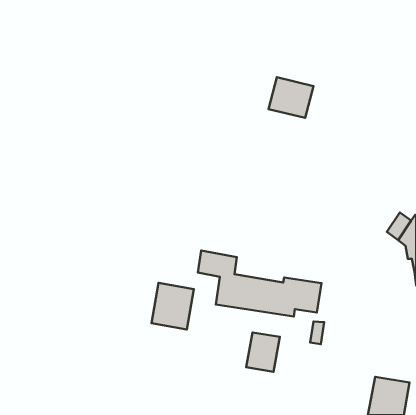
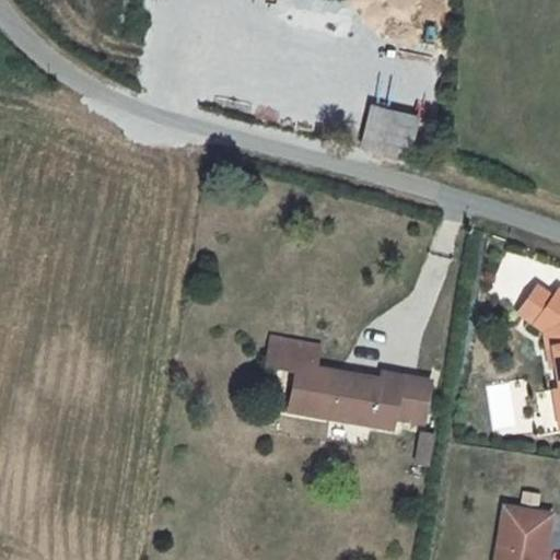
building: [152,283,194,330] -> none
building: [246,332,280,372] -> none

